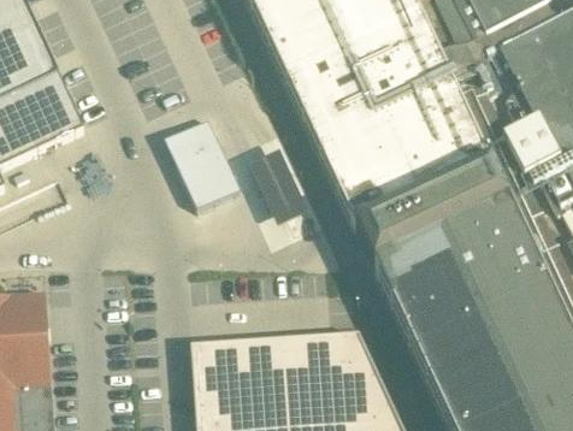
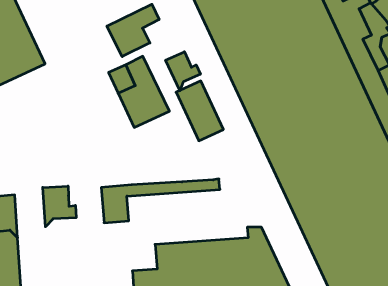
building: none -> [107,4,159,57]
building: none -> [166,52,200,91]
building: none -> [43,186,76,227]
building: [190,331,341,386] -> [101,179,220,223]

